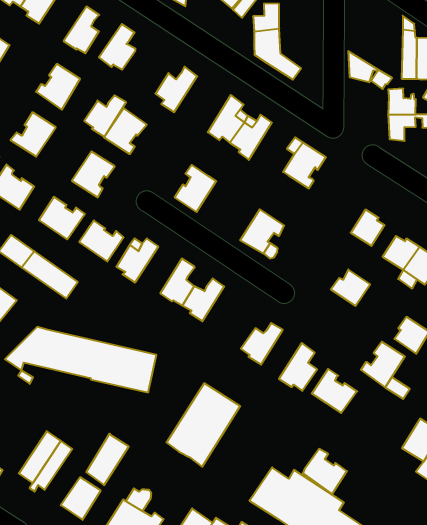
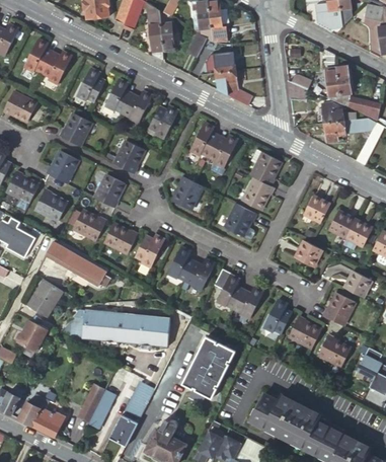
building: [84,95,126,137] -> [122,90,151,122]
building: none -> [240,176,273,211]
building: none -> [214,274,240,308]
building: [303,449,347,494] -> [309,331,341,364]

